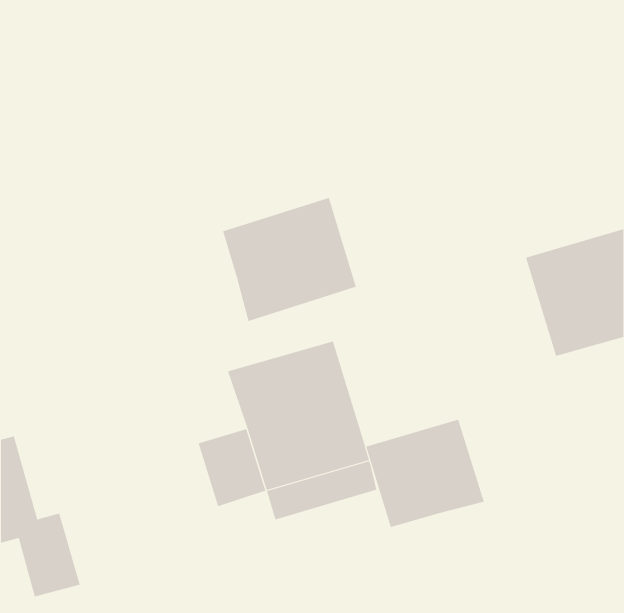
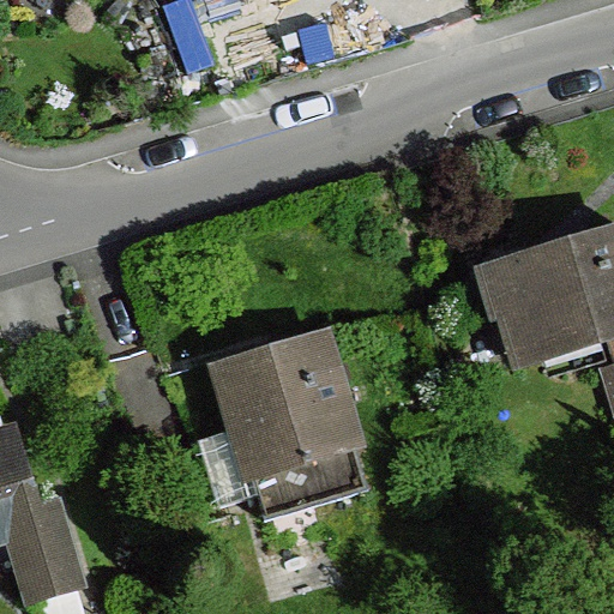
building: [223,197,357,322] -> none
building: [366,419,484,528] -> none

